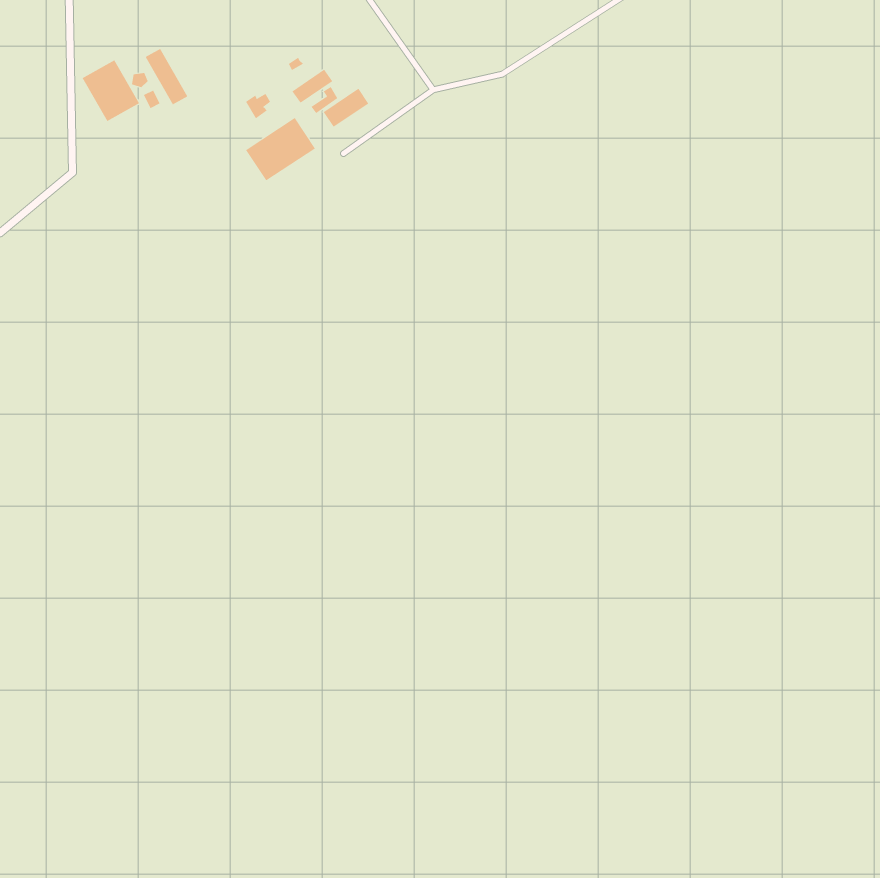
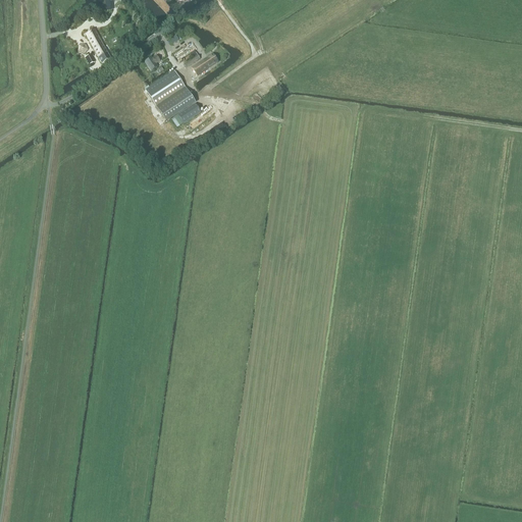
building: [82,59,140,122] -> none
building: none -> [158,88,202,126]

